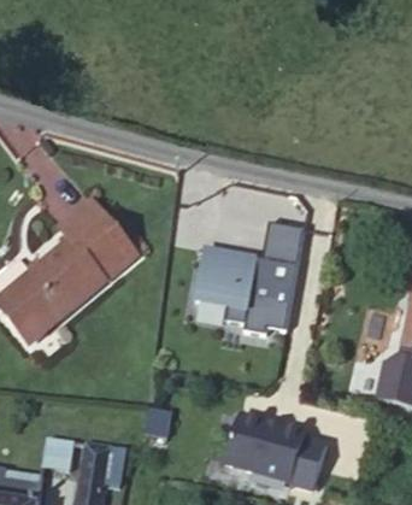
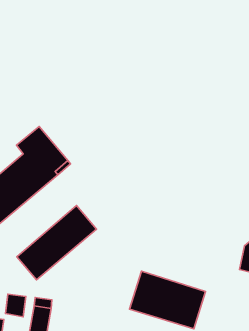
building: [186,221,302,330] -> none
building: none -> [17,206,97,280]

